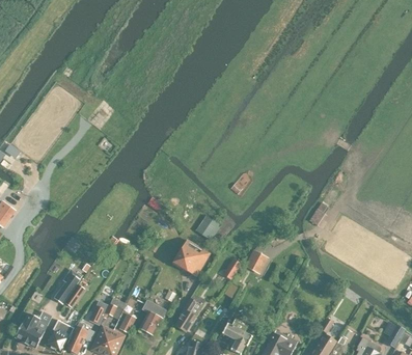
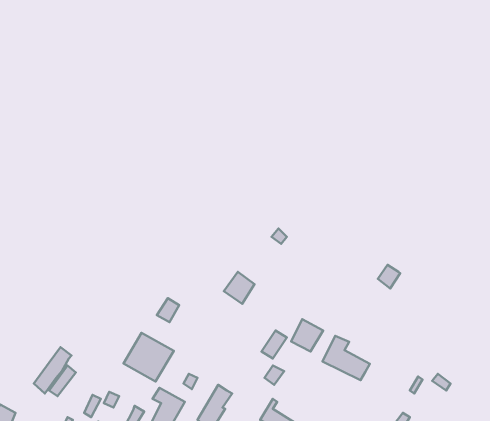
building: [173,239,211,275] -> [123,333,174,382]
building: none -> [322,336,370,380]

